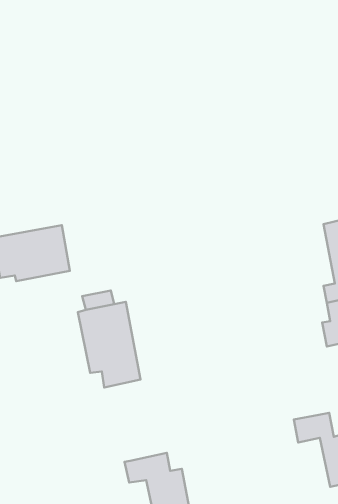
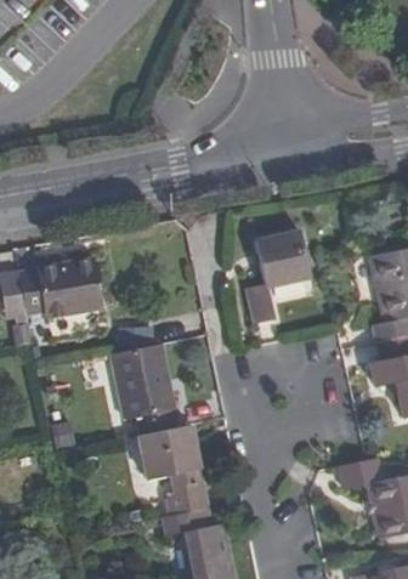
building: none -> [248,231,310,322]
building: none -> [137,420,205,509]

